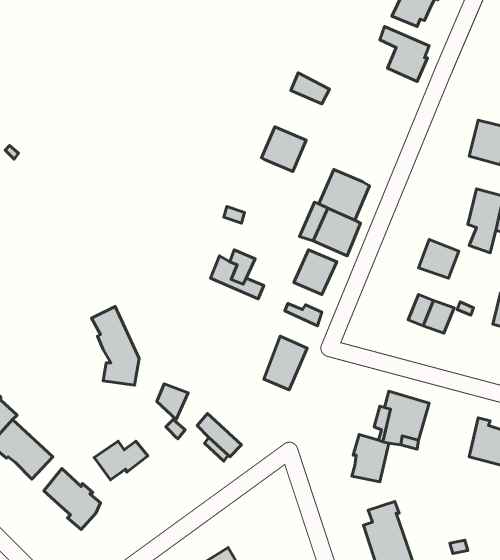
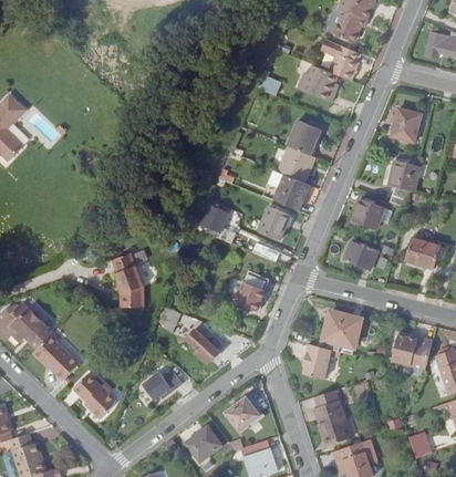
building: none -> [298,63,338,101]
building: [262,127,306,171] -> [288,121,321,154]
building: [94,441,148,480] -> [144,370,184,398]
building: none -> [227,395,261,428]

